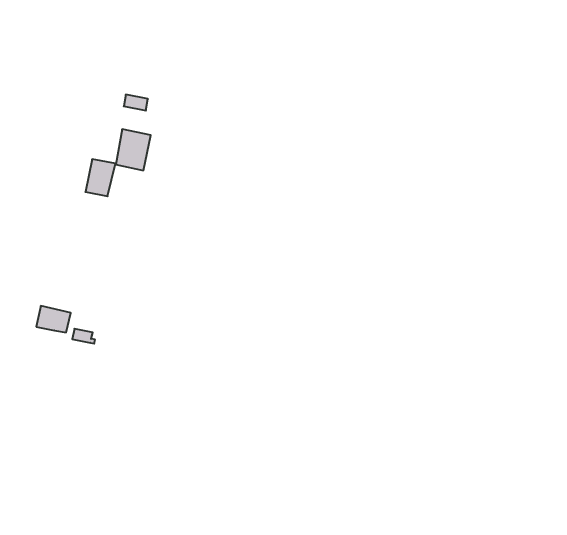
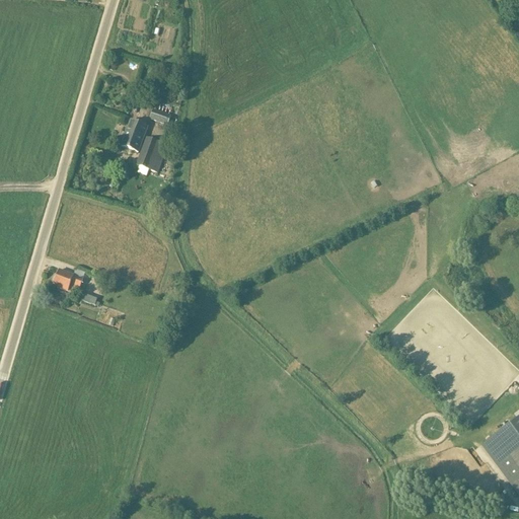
building: [85,159,115,196] -> [121,120,148,151]

